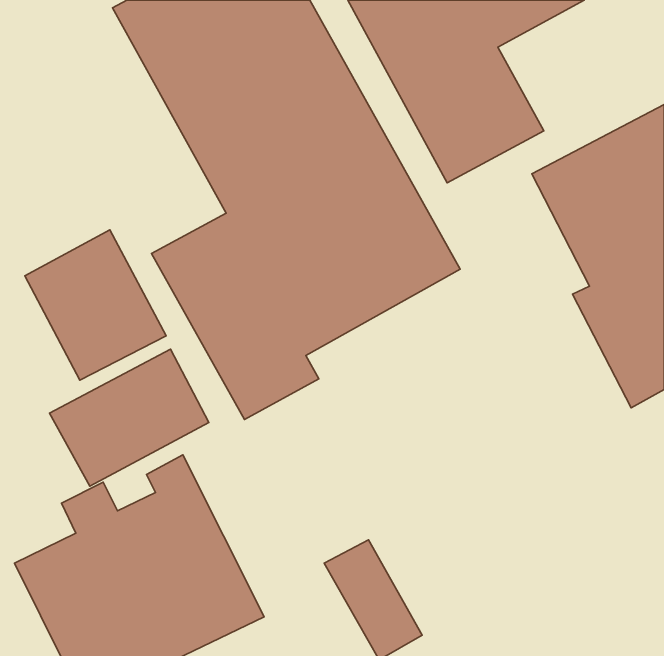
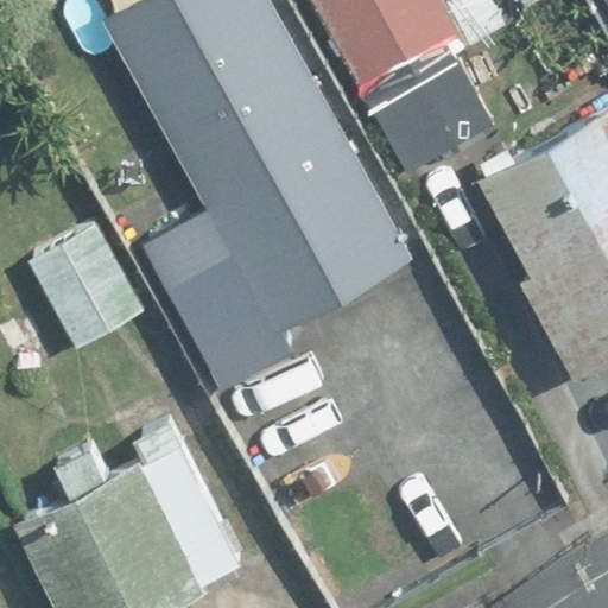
building: [49,349,209,486] -> none

